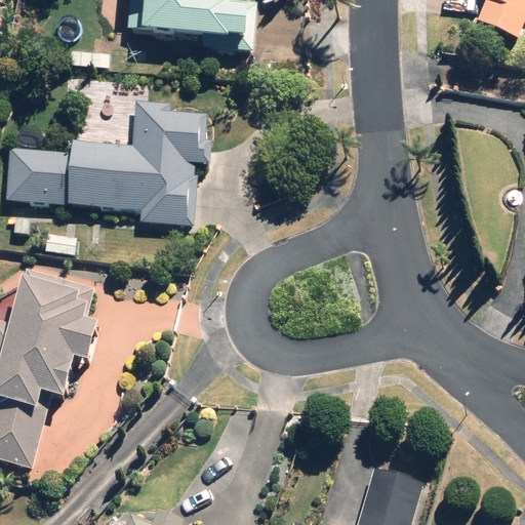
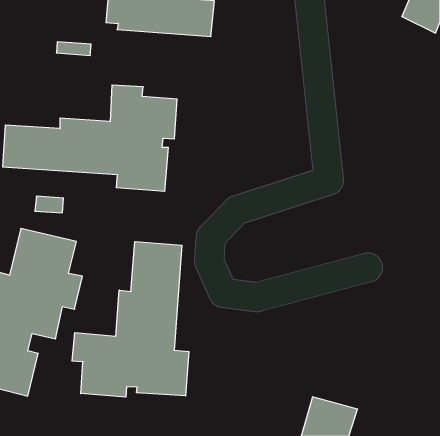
building: none -> [72,242,189,397]

